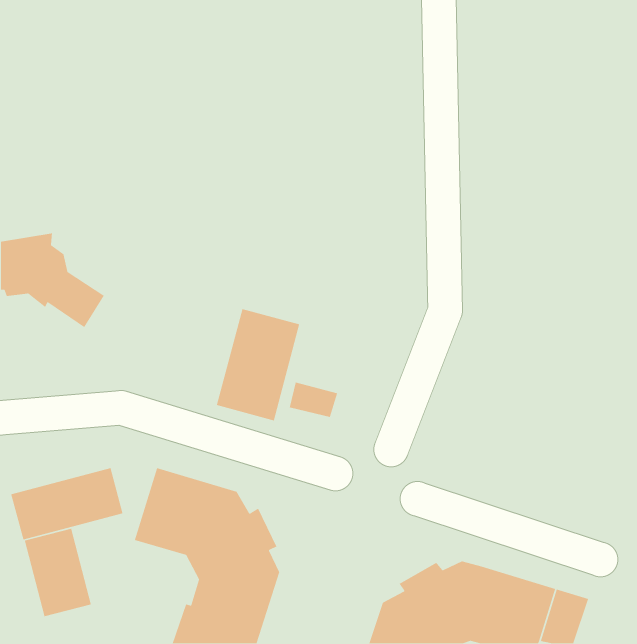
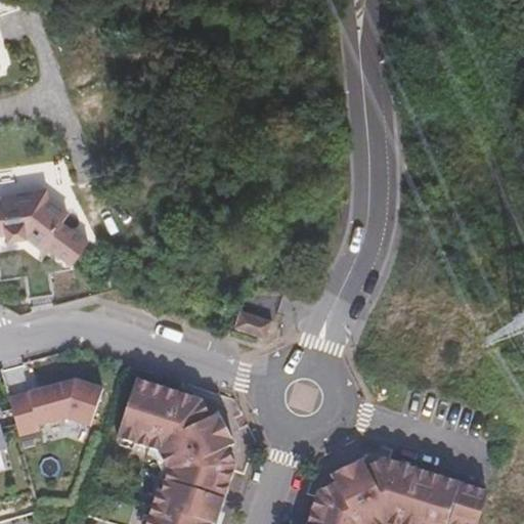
building: [216,308,300,421] -> none
building: [24,528,92,617] -> none

